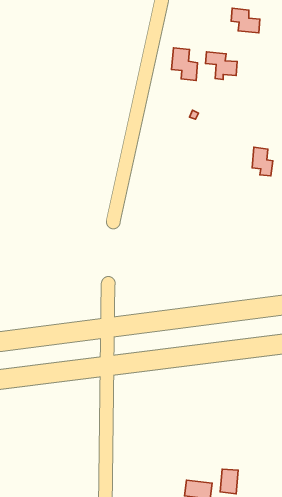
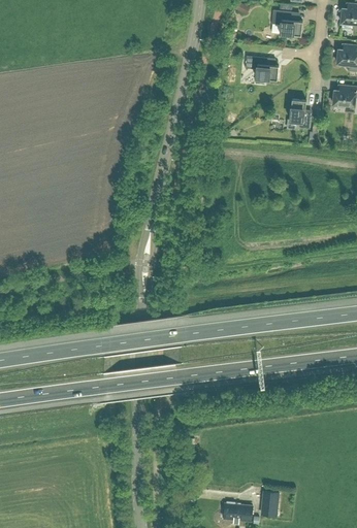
building: [171,48,197,81] -> none
building: [252,147,273,176] -> [289,98,311,128]

